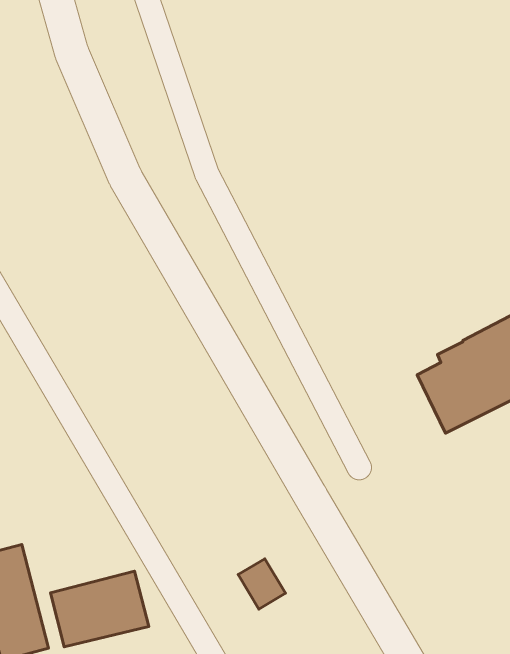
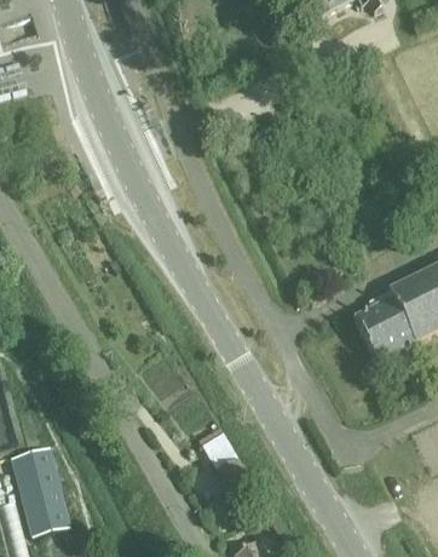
building: [51,571,149,647] -> none

